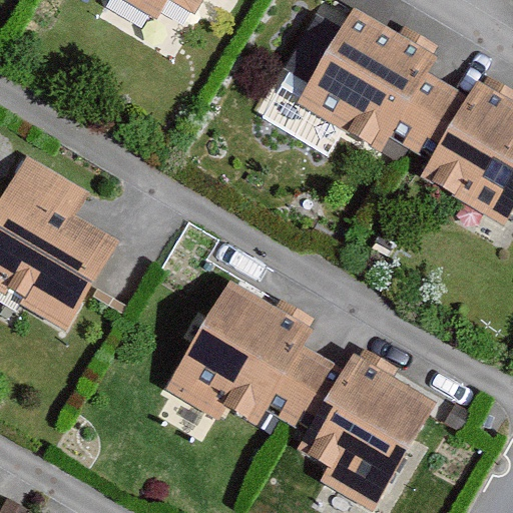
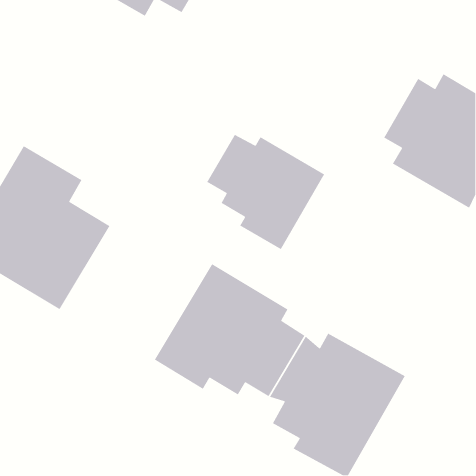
building: [296,4,447,150] -> none
building: none -> [206,134,325,250]

